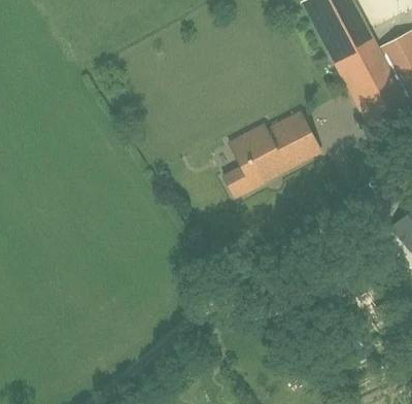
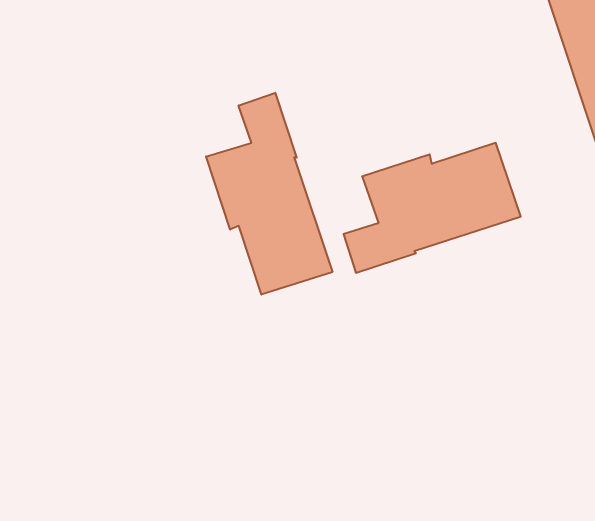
building: none -> [206,93,332,295]

